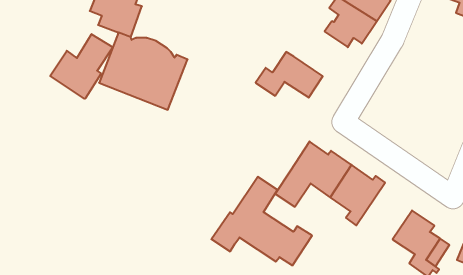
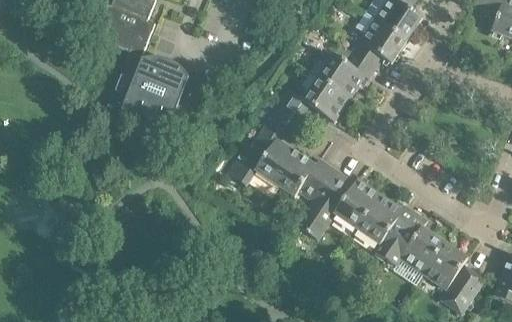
building: none -> [318,50,376,98]
building: [50,34,113,99] -> none
building: [211,177,312,265] -> [227,105,335,200]
building: none -> [385,212,445,273]

